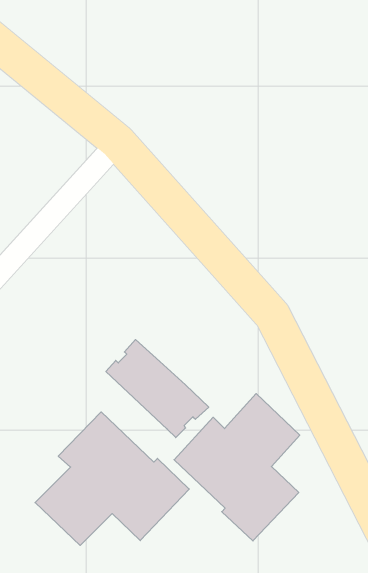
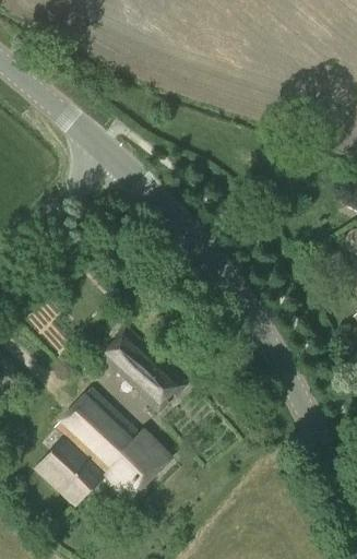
building: [174,394,300,541] -> none

